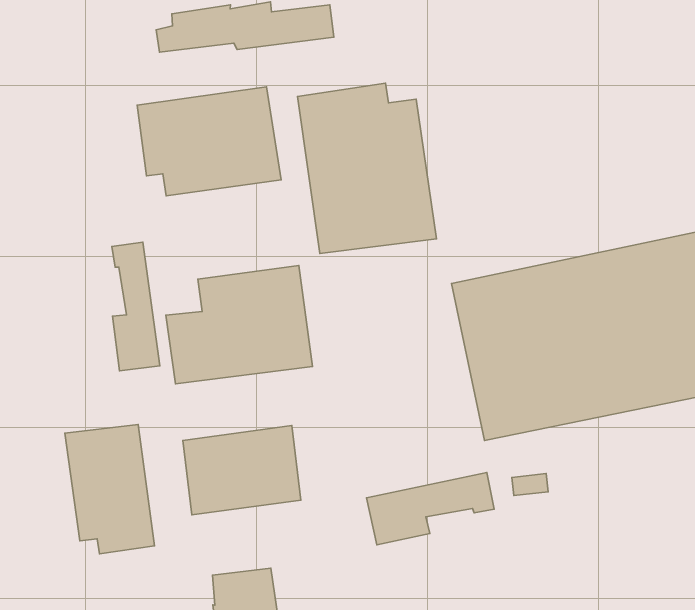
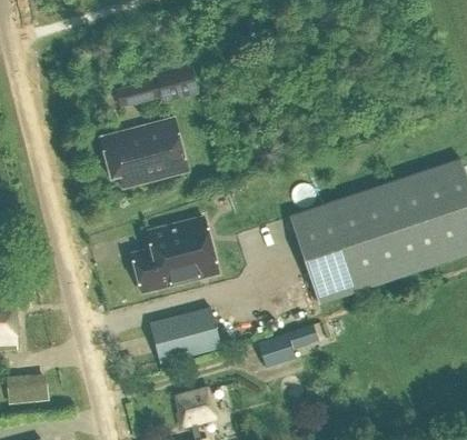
building: [298,83,437,254] -> none
building: [112,242,160,371] -> none
building: [65,425,155,554] -> none

